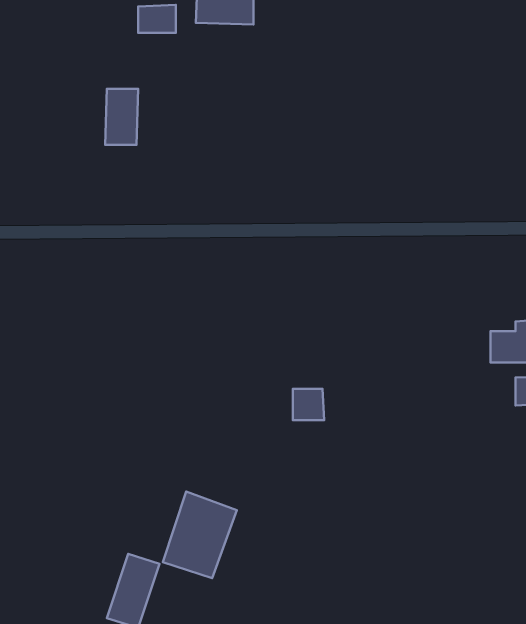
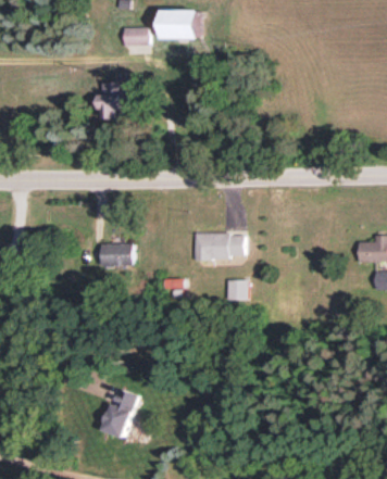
building: none -> [191,232,241,260]
building: none -> [99,244,132,266]
building: [163,491,237,578] -> none

